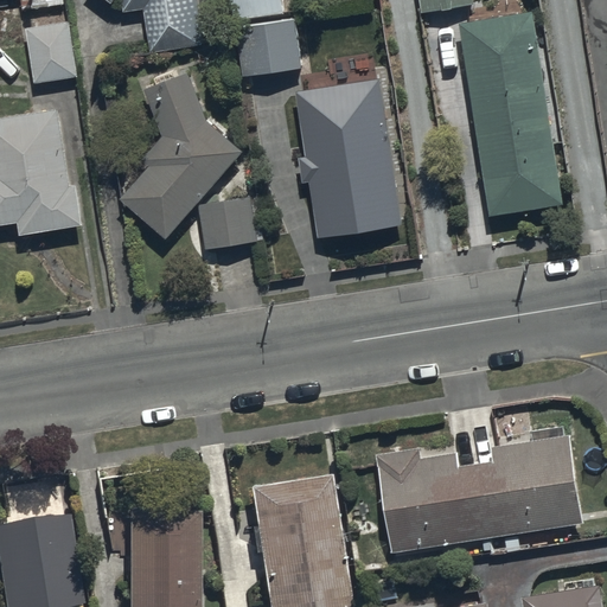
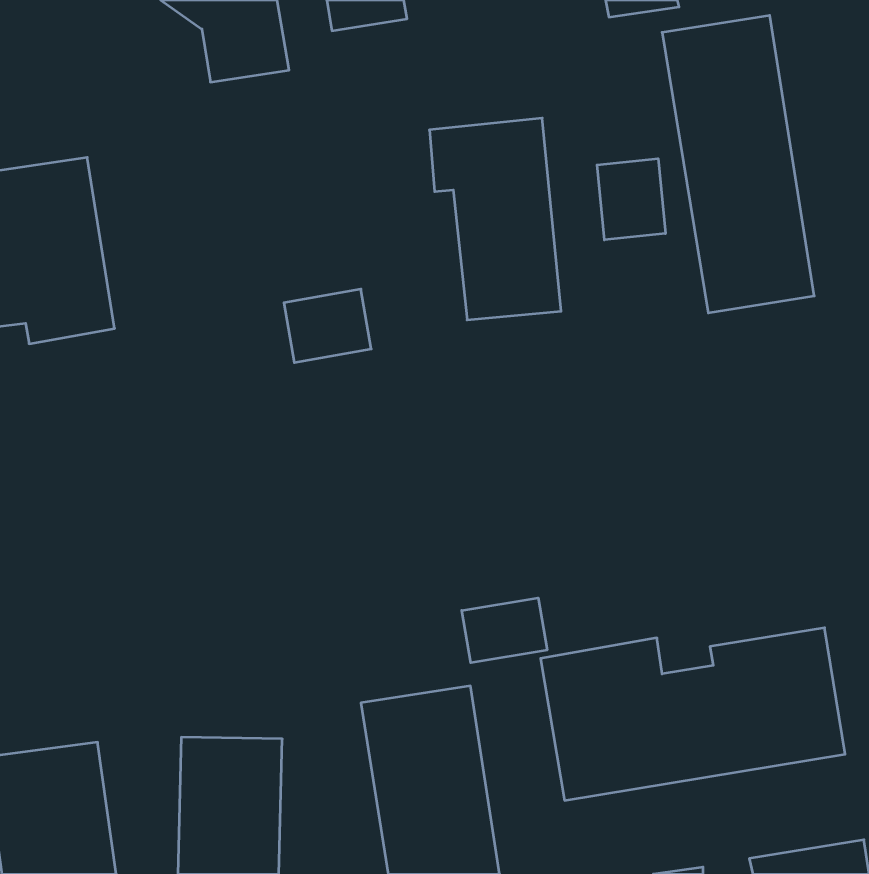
building: [236,19,304,79] -> none
building: [27,21,74,84] -> none
building: [120,74,241,239] -> none
building: none -> [597,159,665,240]
building: none -> [462,598,547,663]

